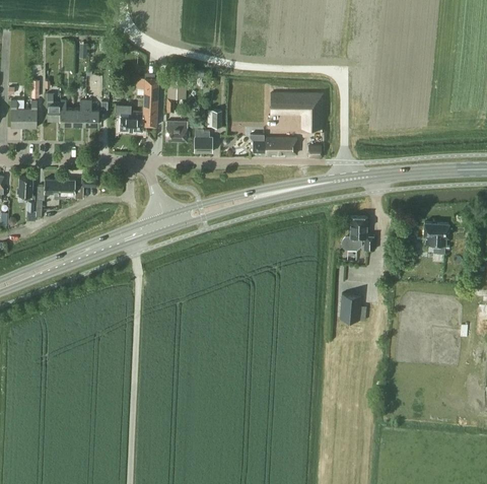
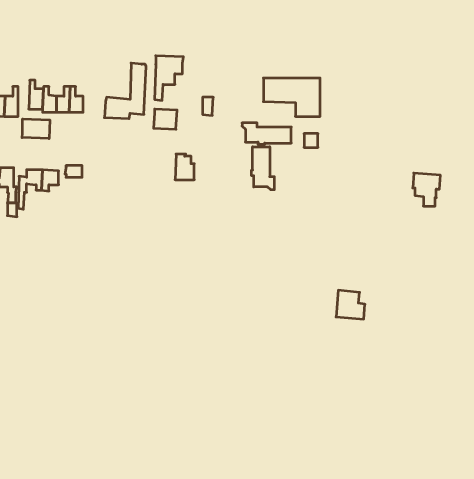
building: [194,128,212,152] -> [175,154,194,180]
building: none -> [22,119,50,139]
building: none -> [252,147,274,190]
building: [342,216,374,250] -> none
building: [423,221,449,253] -> [413,173,440,206]

